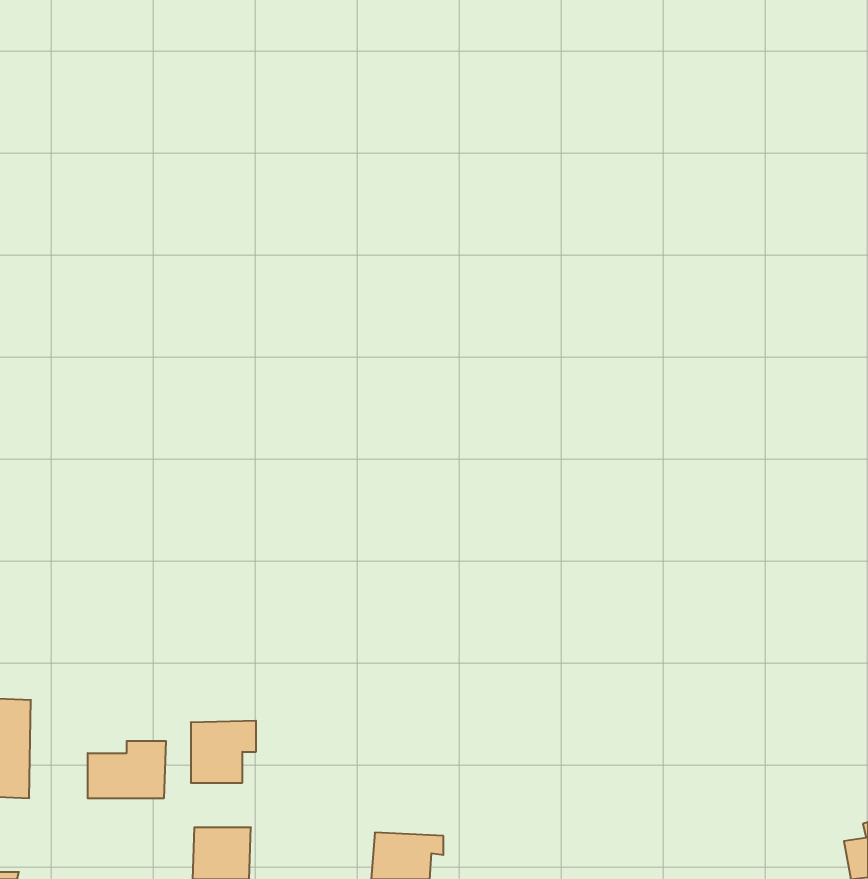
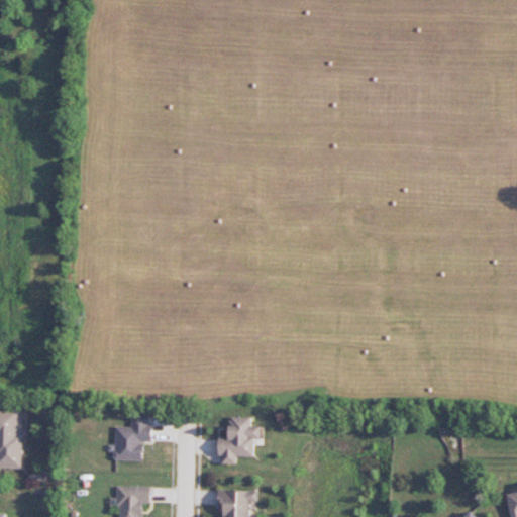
building: none -> [217,416,264,464]
building: [88,741,166,798] -> none

